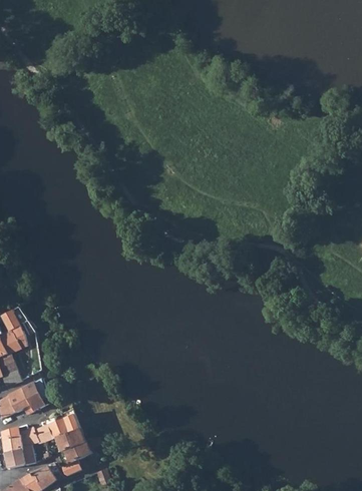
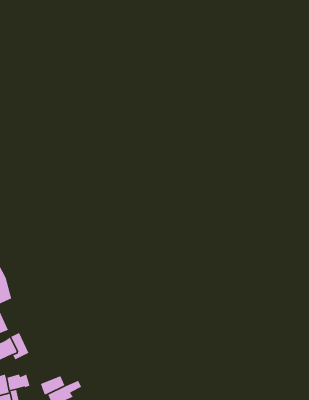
building: [41,414,79,441] -> none

